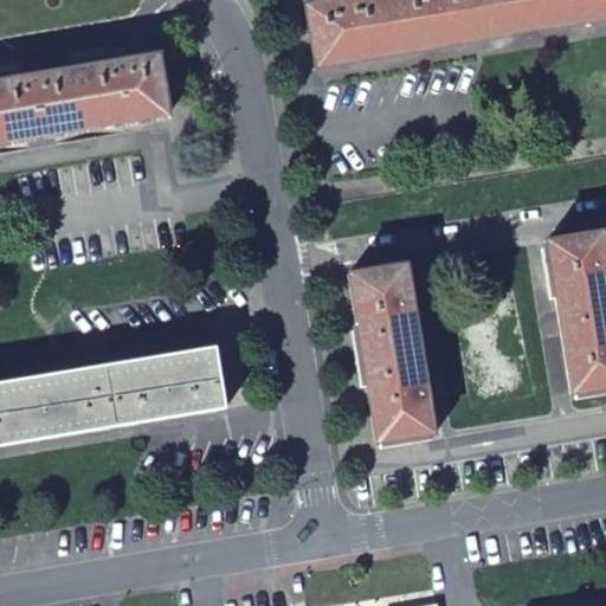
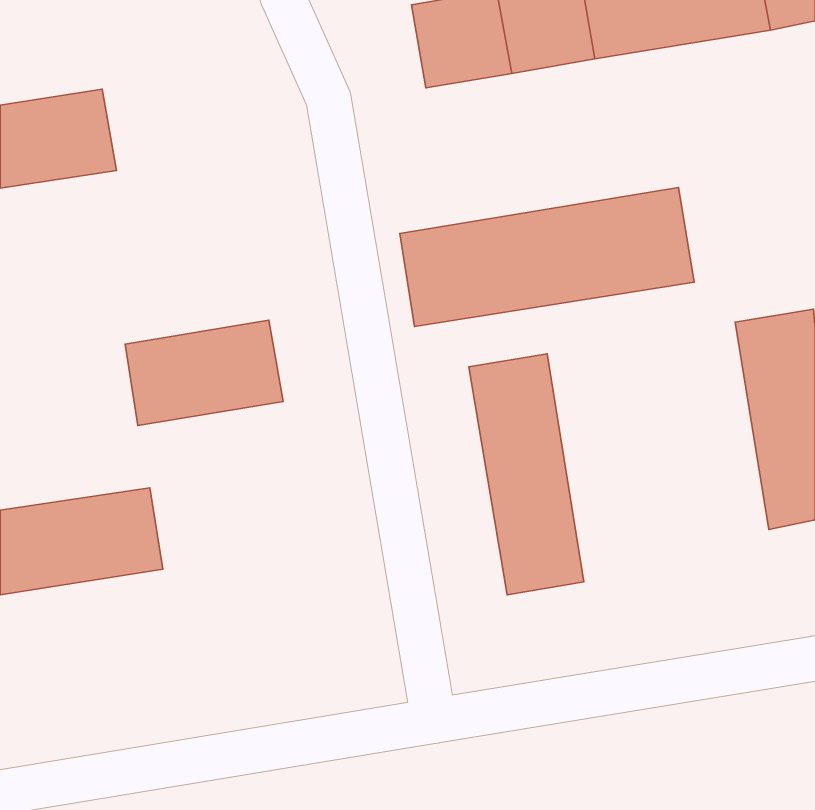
building: [76,52,168,127] -> none
building: none -> [400,187,694,326]
building: [111,344,228,423] -> [125,320,283,425]

